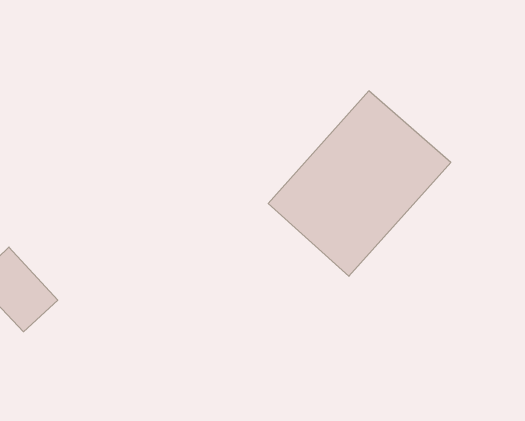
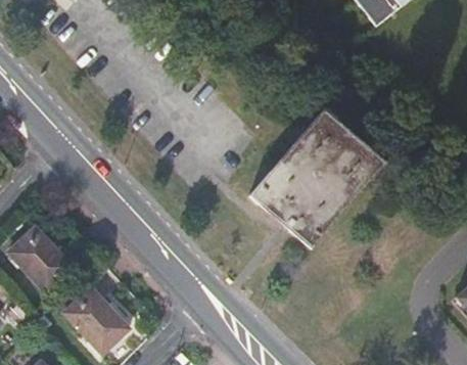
building: none -> [66,286,130,352]

